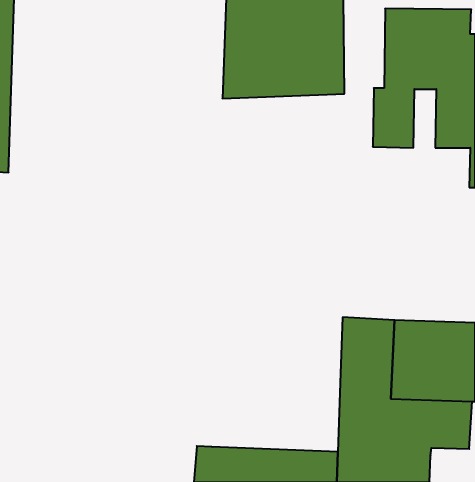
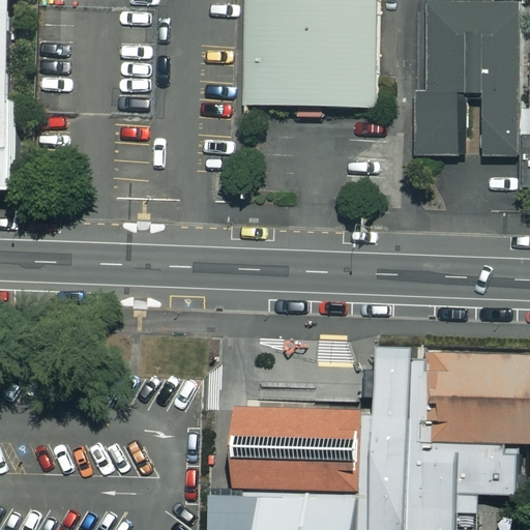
building: none -> [232,403,373,494]

